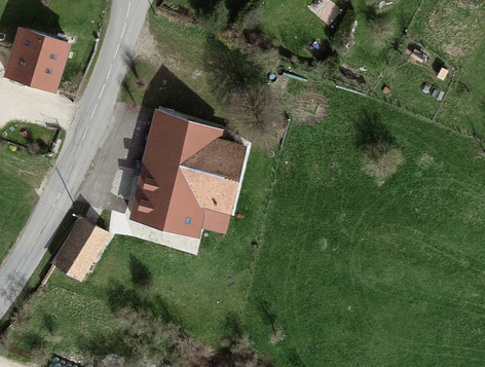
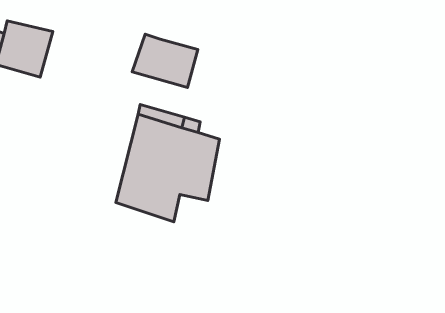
building: none -> [132,34,198,88]
building: [58,221,112,279] -> none

